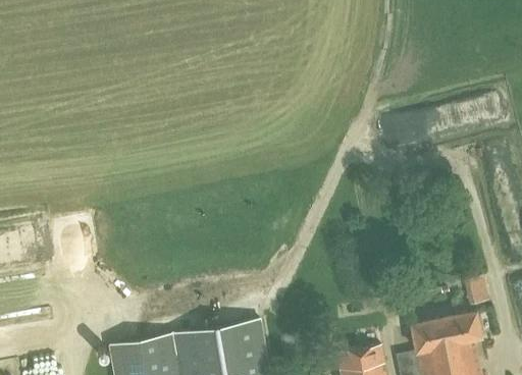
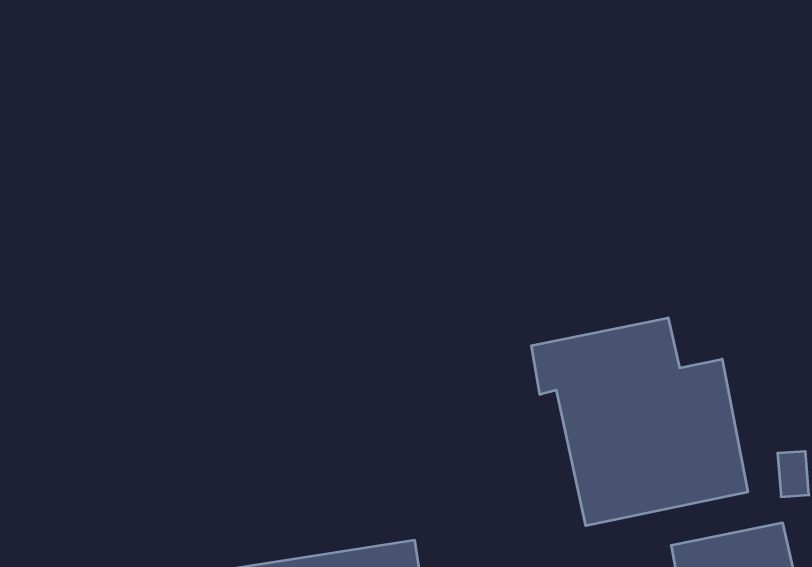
building: none -> [531,318,748,526]

